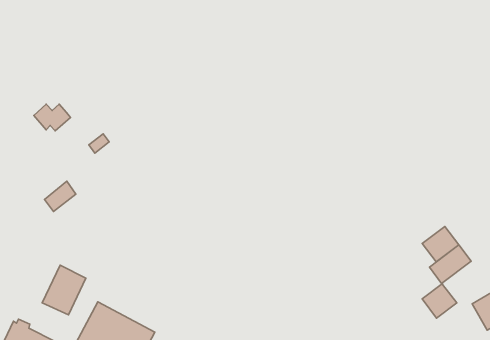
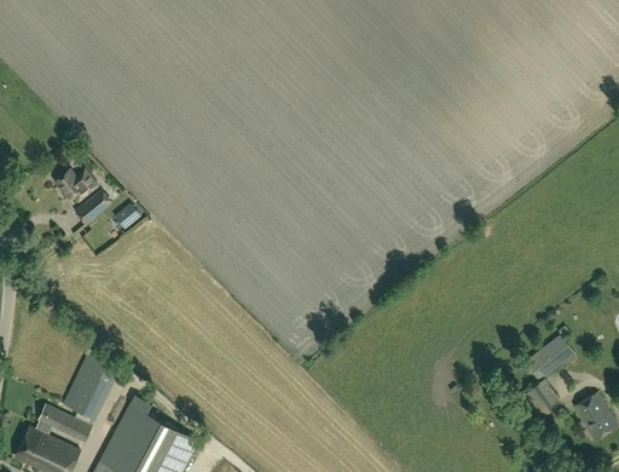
building: [44,181,76,212] -> [71,188,109,224]
building: [422,226,459,262] -> none
building: none -> [36,403,92,442]

